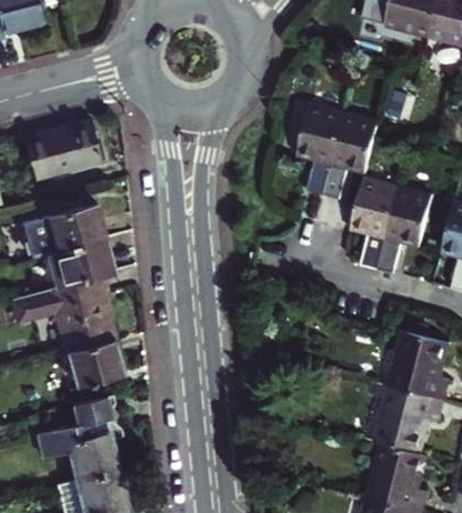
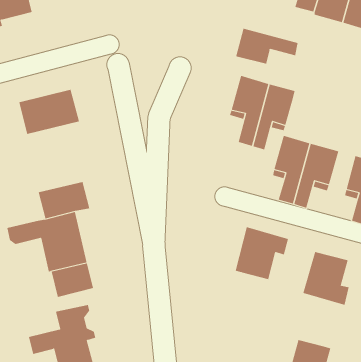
building: none -> [236,28,298,65]
building: [26,204,108,256] -> none
building: [372,381,441,449] -> [235,226,289,280]

